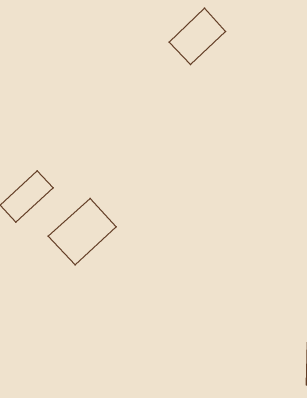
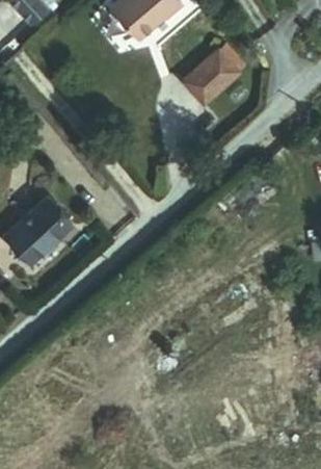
building: [48,199,116,265] -> none

